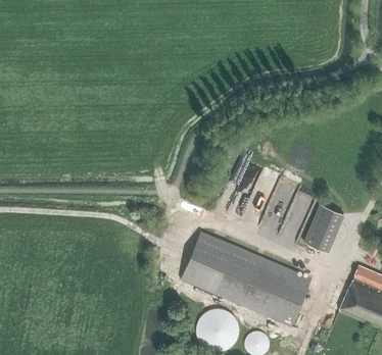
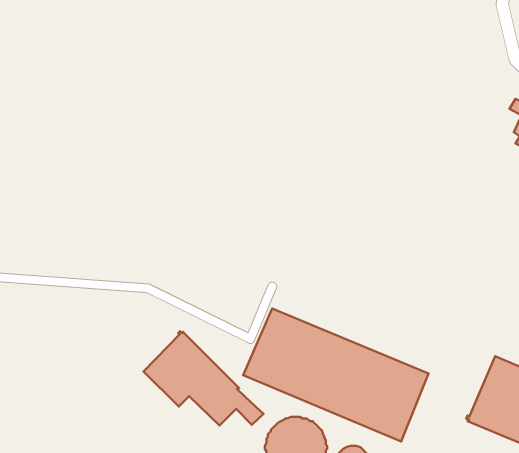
building: [304,204,344,252] -> none
building: none -> [143,331,264,426]

